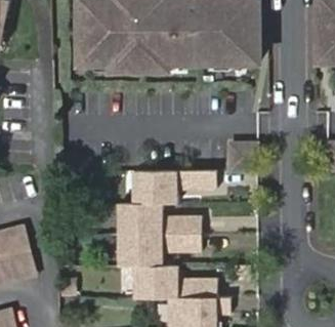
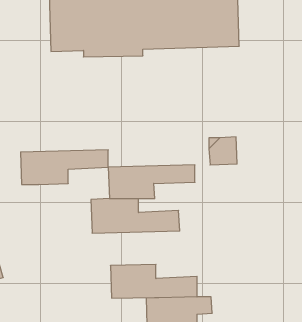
building: [118,232,201,264] -> [21,150,108,184]

